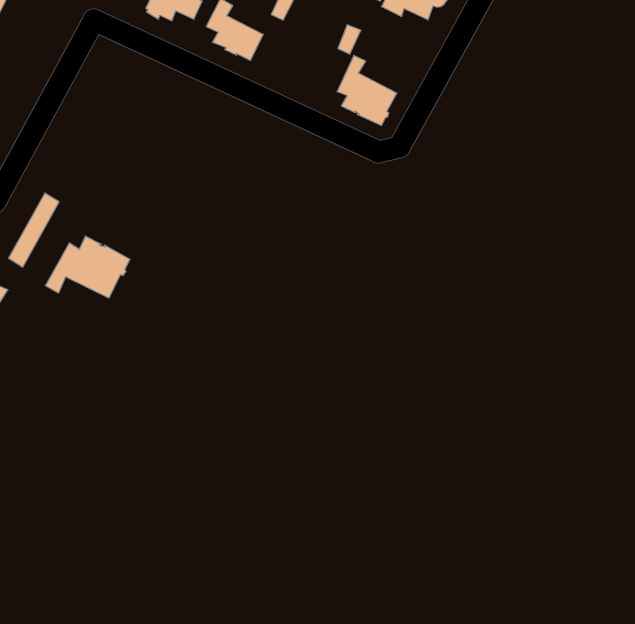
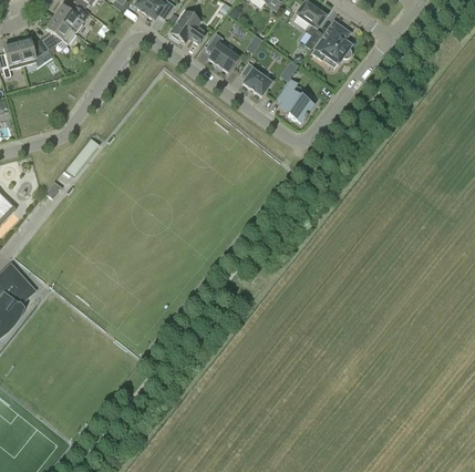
building: none -> [240,61,270,94]
building: [46,236,130,298] -> none

